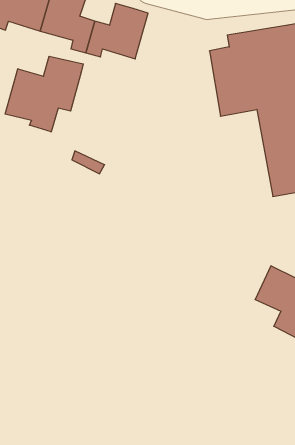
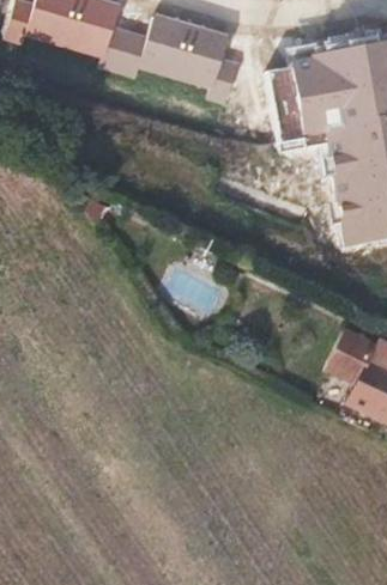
building: none -> [180,24,244,104]
building: [5,56,83,132] -> none

